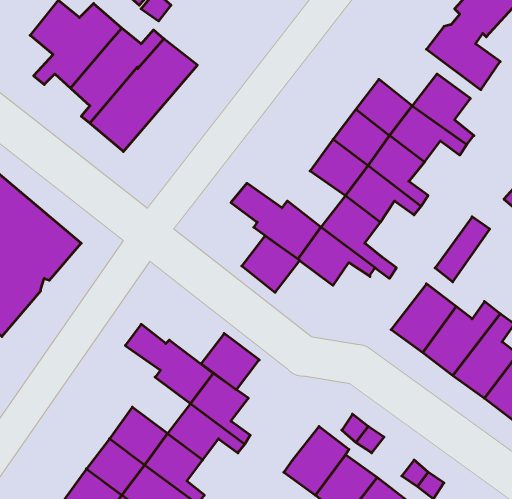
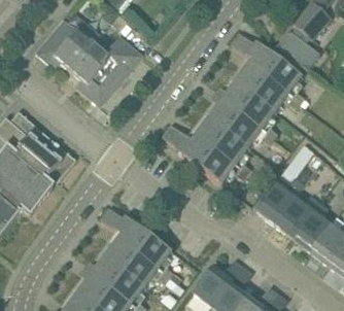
building: none -> [232,33,283,79]
building: [242,236,300,292] -> [196,117,230,150]
building: [201,333,259,390] -> [105,238,139,271]

